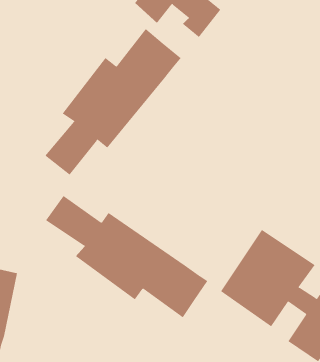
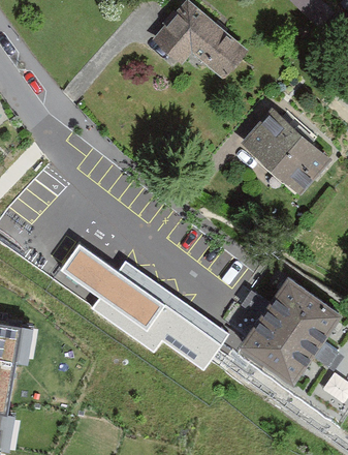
building: [44,28,181,176] -> none
building: none -> [239,118,322,196]

